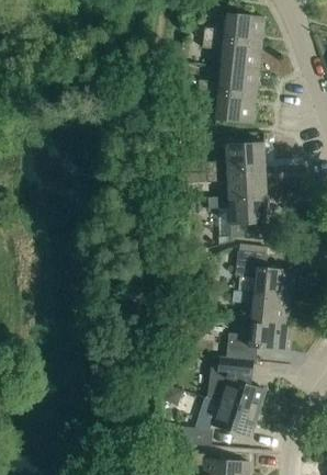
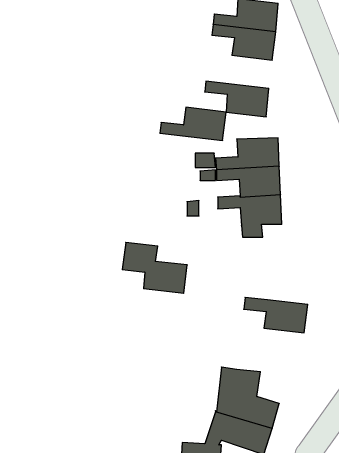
building: [198,66,259,97] -> [160,107,226,140]
building: [235,250,295,297] -> [122,242,187,293]
building: [226,319,289,361] -> none

